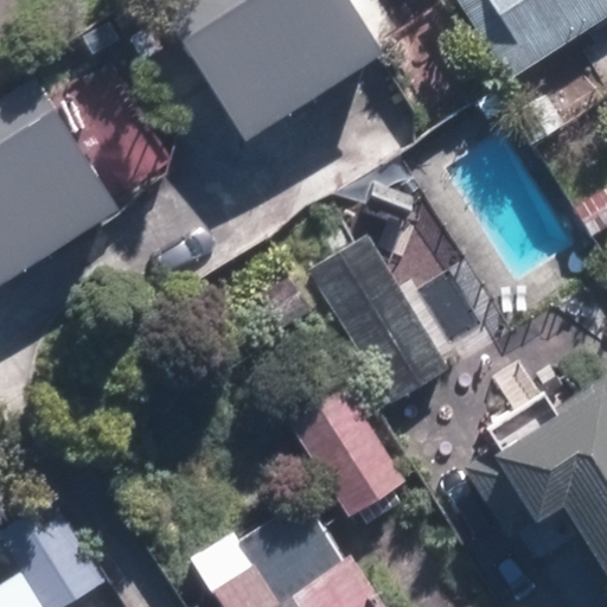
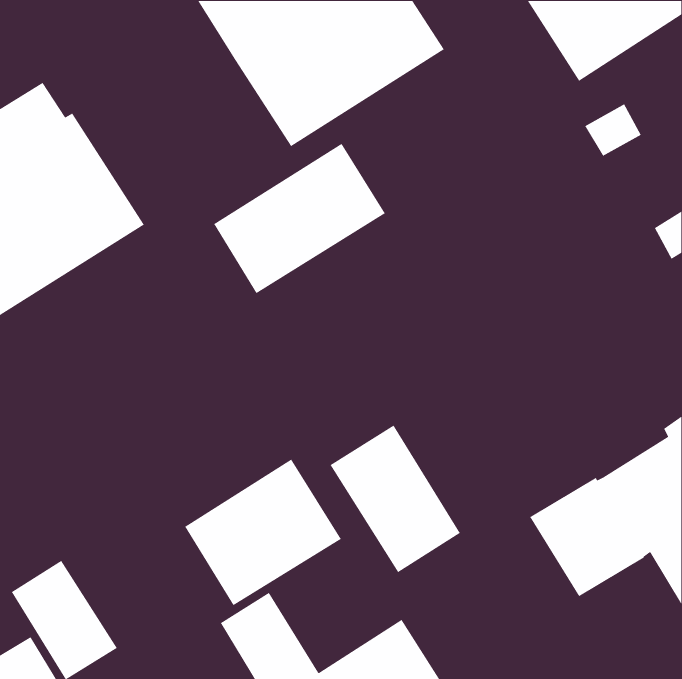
building: none -> [213,143,386,294]
building: [311,235,451,403] -> none
building: none -> [184,459,342,606]

